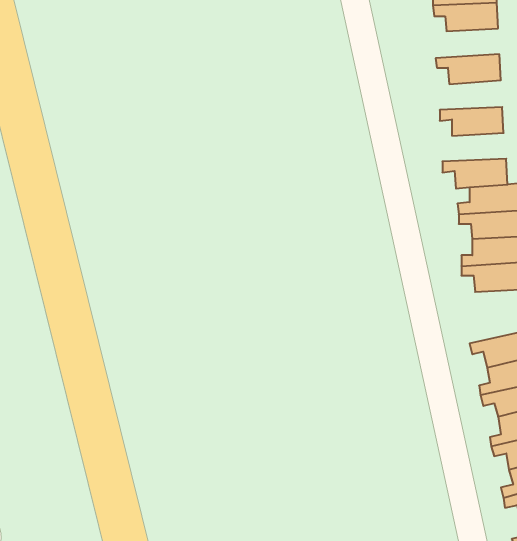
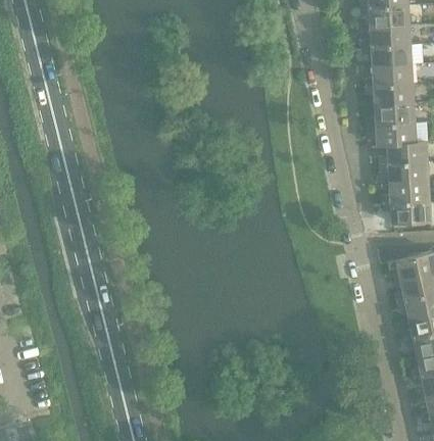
building: none -> [361,27,409,49]
building: none -> [364,65,412,88]
building: none -> [366,105,415,127]

